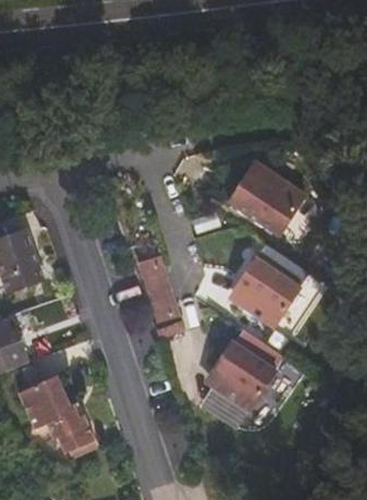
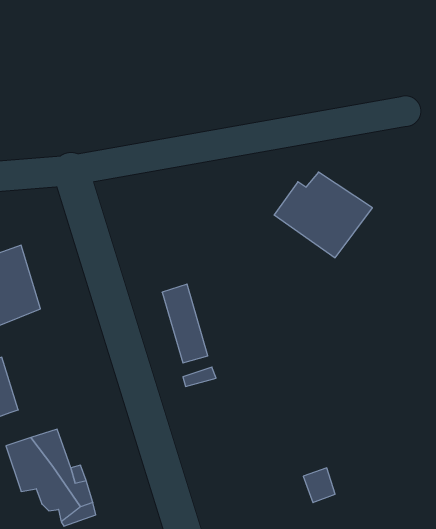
building: [236,258,299,328] -> none
building: [211,341,273,411] -> none

